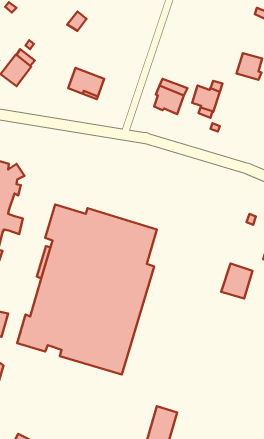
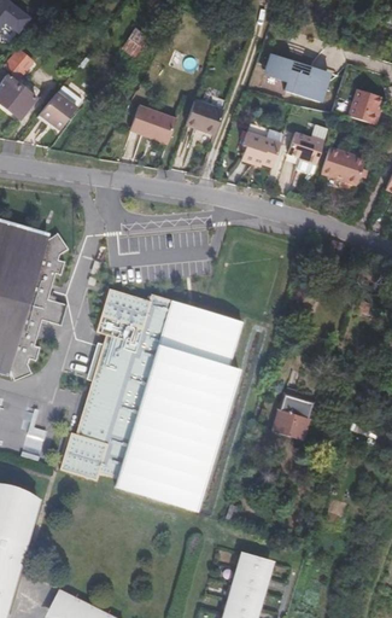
building: none -> [262,57,328,104]
building: none -> [182,105,220,140]
building: none -> [317,148,362,187]
building: [221,263,253,298] -> [273,392,314,438]

